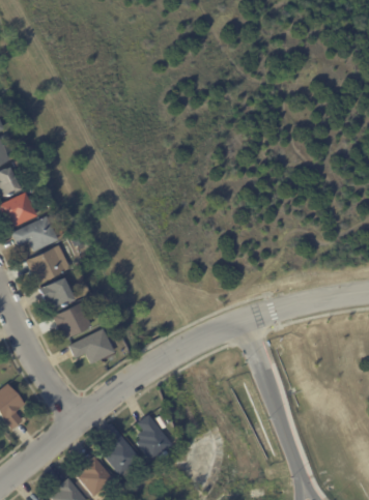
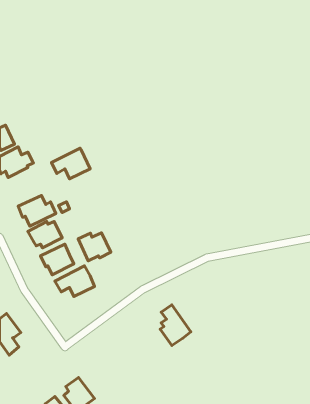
building: [13,216,58,252] -> [51,148,90,179]
building: none -> [78,233,111,261]
building: [136,414,171,461] -> [160,305,191,345]
building: [100,423,139,475] -> none

